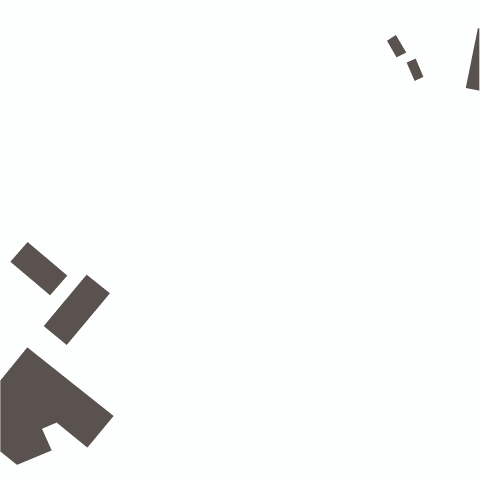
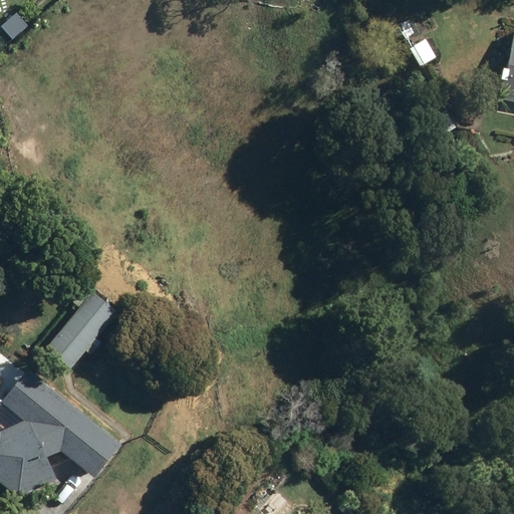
building: [9,241,68,296] -> none

